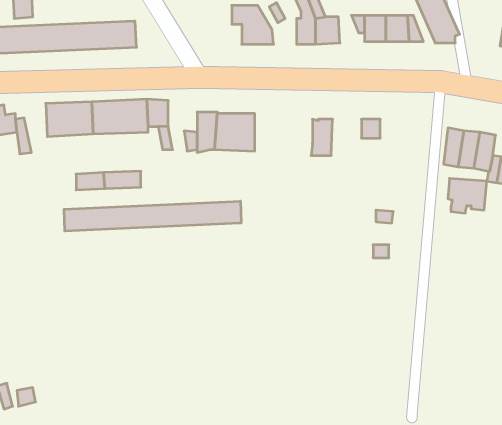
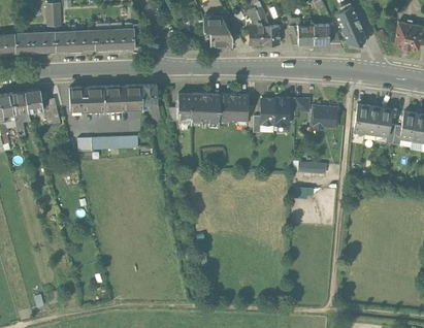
building: none -> [220,94,249,123]
building: none -> [274,98,290,126]
building: [448,178,487,213] -> [312,106,339,131]
building: [64,201,241,231] -> none

